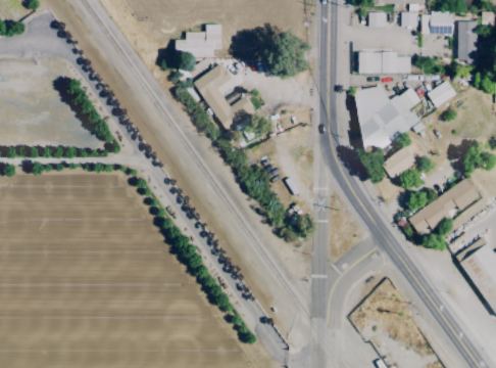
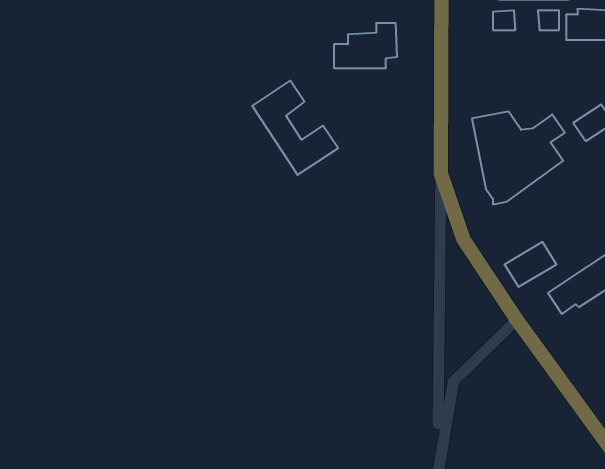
building: [176,25,221,57] -> [334,23,397,68]
building: [358,52,410,74] -> none
building: [381,146,418,179] -> [504,242,557,287]

